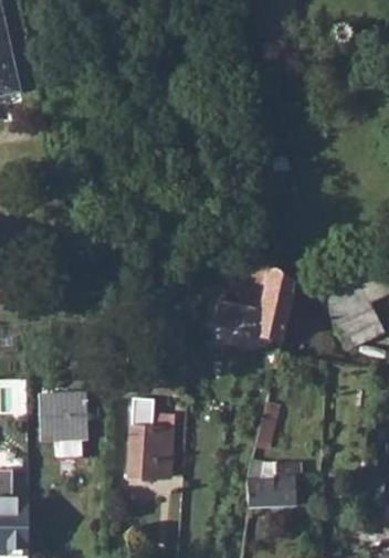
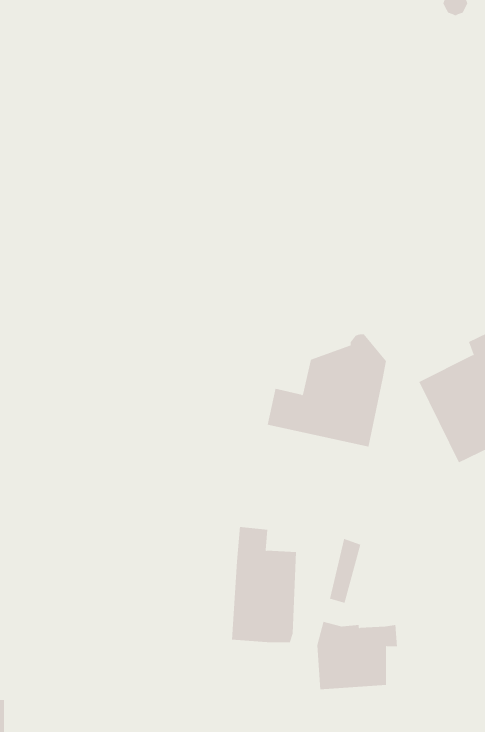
building: [40,396,88,459] -> none
building: [128,398,174,478] -> [231,526,297,643]

